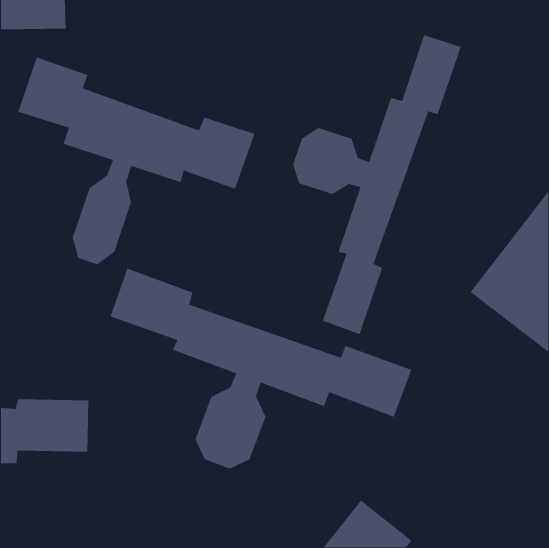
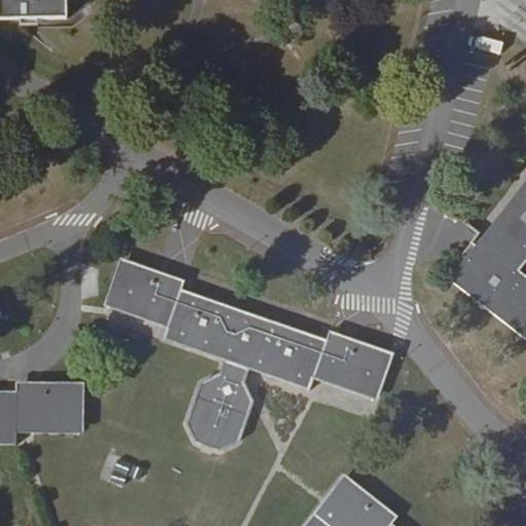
building: [292,34,462,335] -> none
building: [17,57,256,265] -> none

